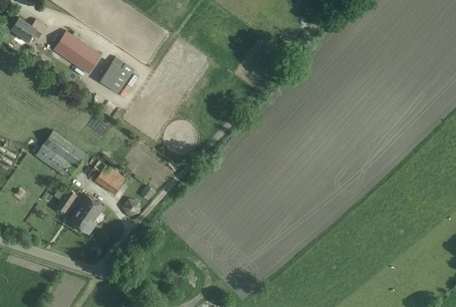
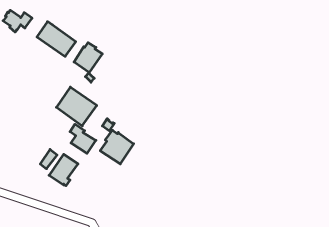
building: [35,131,85,180] -> [56,87,97,126]
building: none -> [100,130,134,164]

